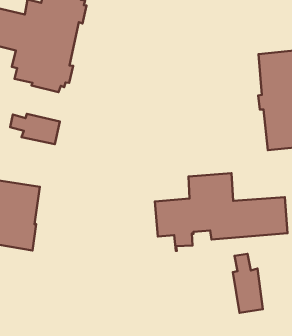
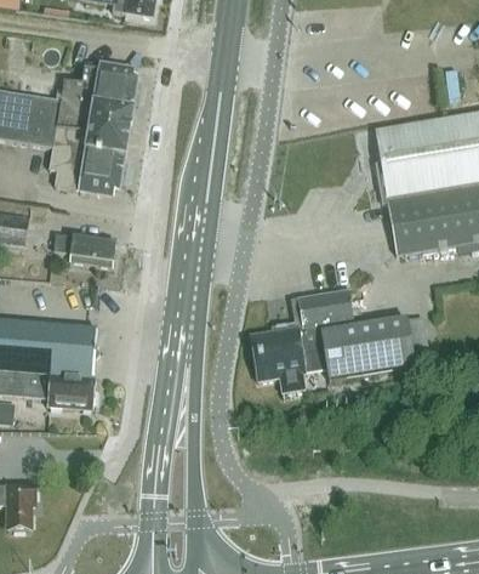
building: [233,254,263,313] -> none

